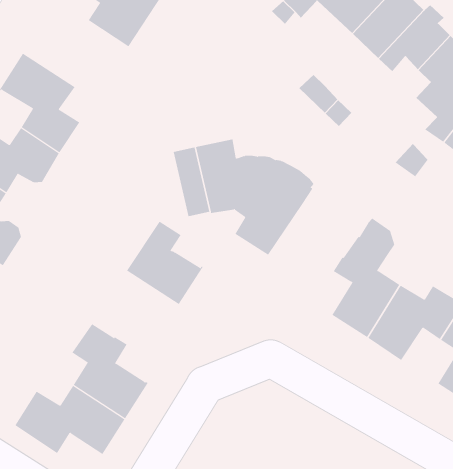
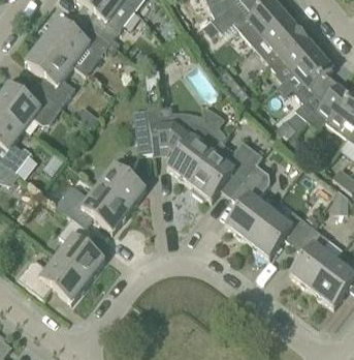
building: none -> [41,17,109,73]
building: none -> [188,141,261,199]
building: none -> [55,184,128,232]

